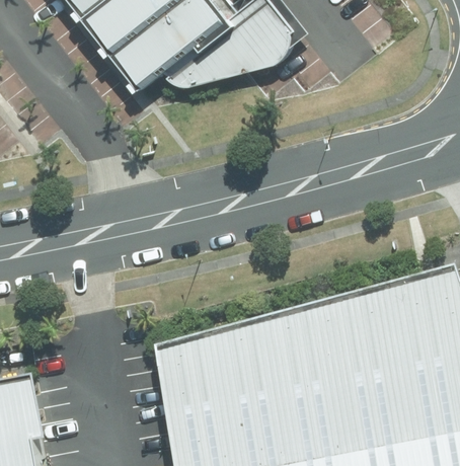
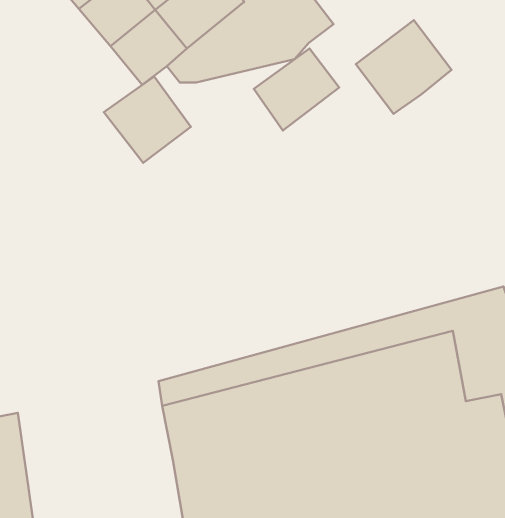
building: none -> [356,20,452,114]
building: none -> [254,48,339,130]
building: none -> [104,76,191,163]

